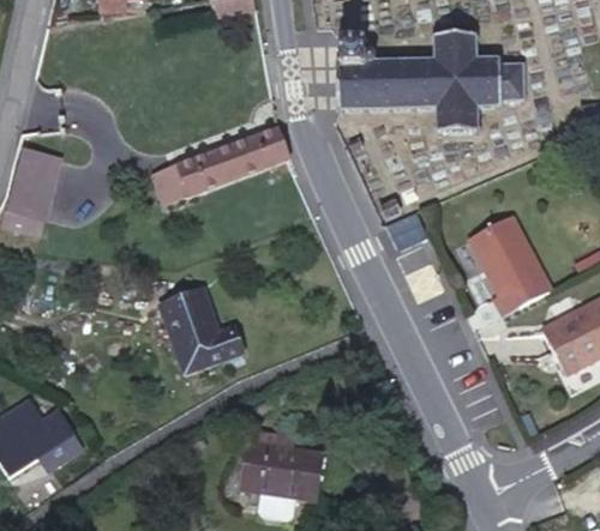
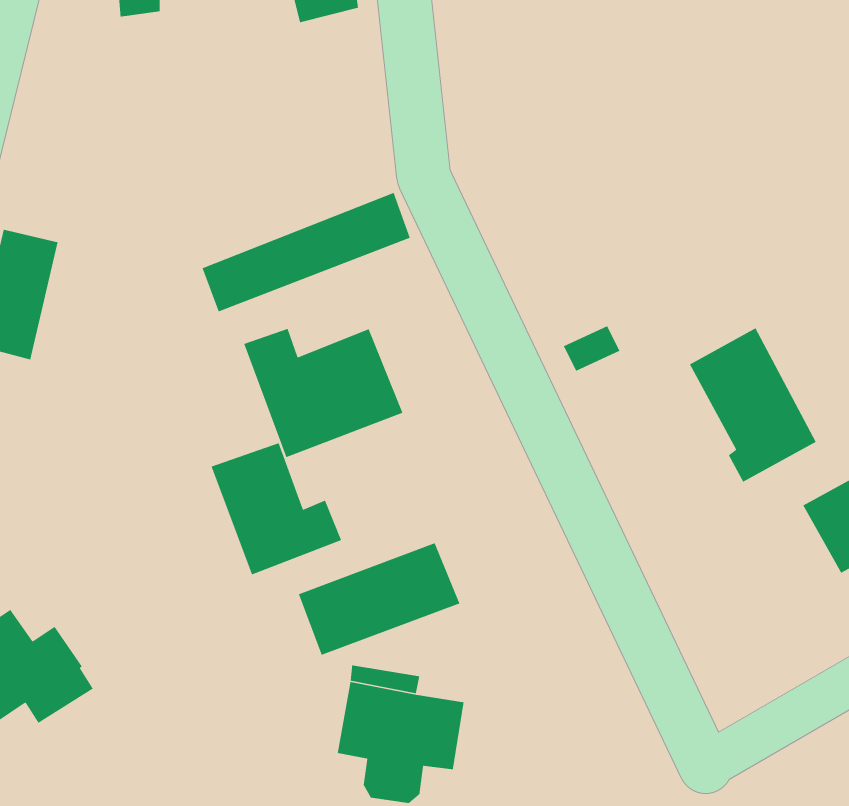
building: [340,32,524,132] -> none
building: none -> [243,328,403,458]
building: none -> [298,542,460,656]

